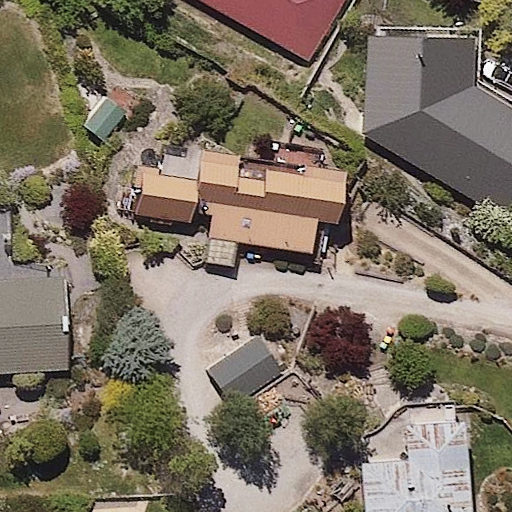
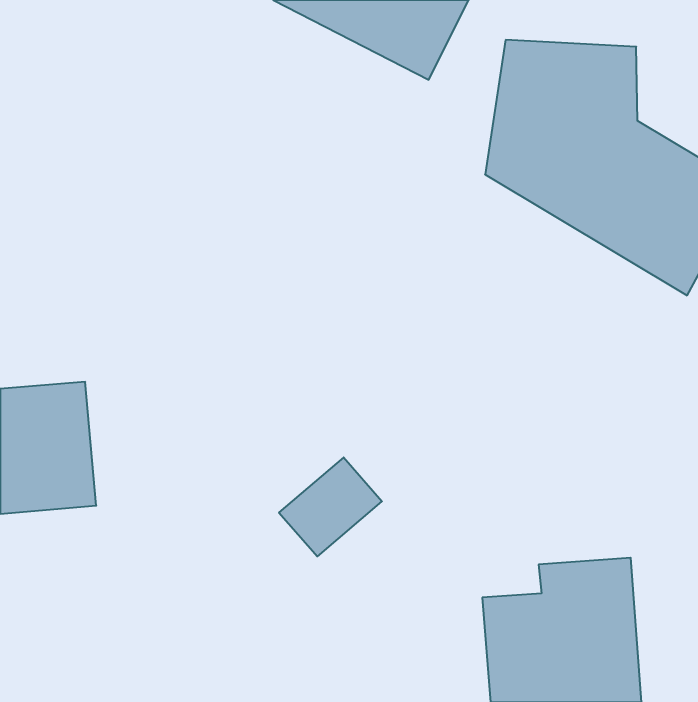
building: [137,134,341,266] -> none

